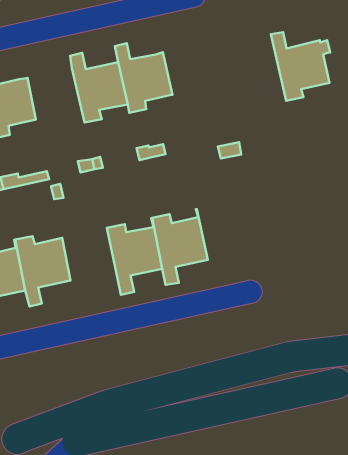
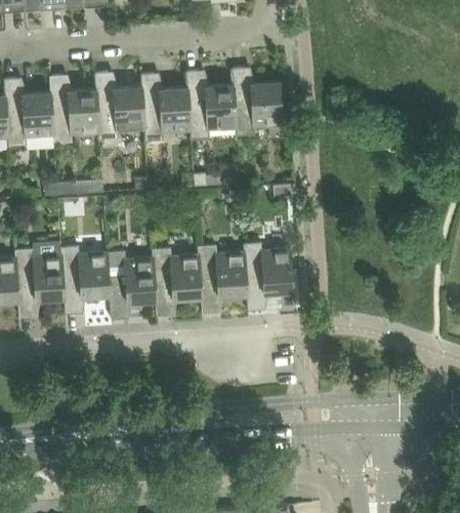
building: [271,32,330,101] -> [232,68,287,135]
building: none -> [94,72,145,142]
building: none -> [243,241,292,311]
building: none -> [107,248,155,319]

